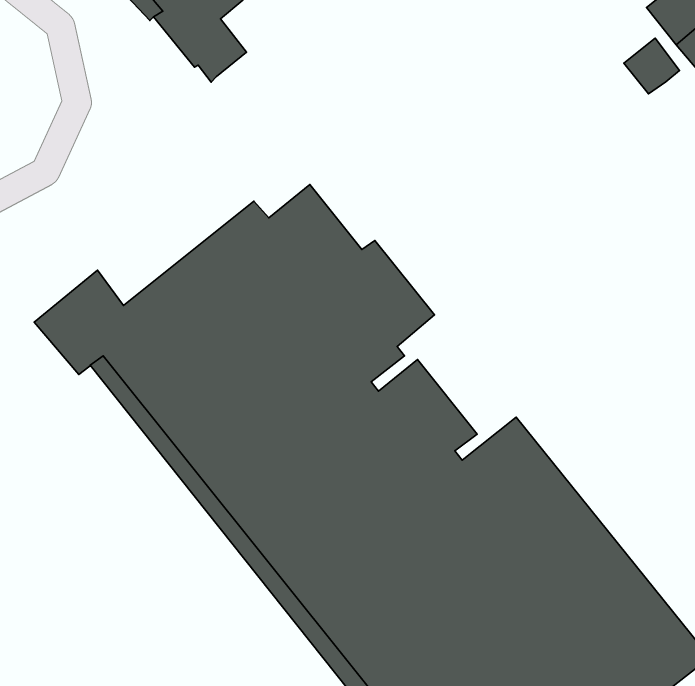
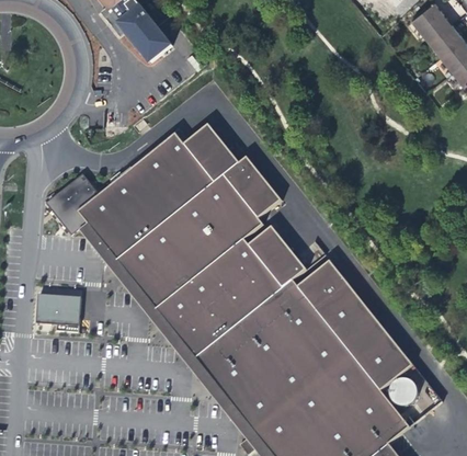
building: [624,38,679,94] -> none
building: none -> [35,294,79,331]

